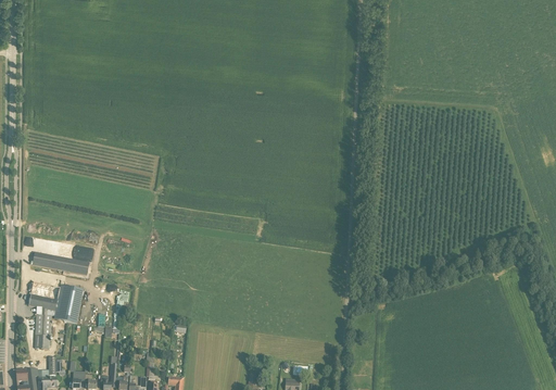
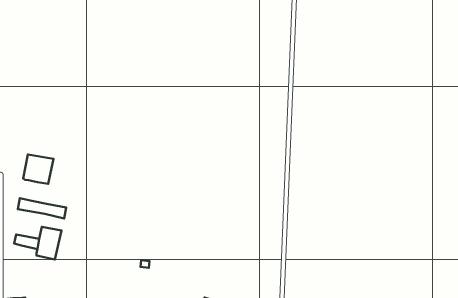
building: none -> [23,155,53,184]
building: [35,314,51,348] -> none

